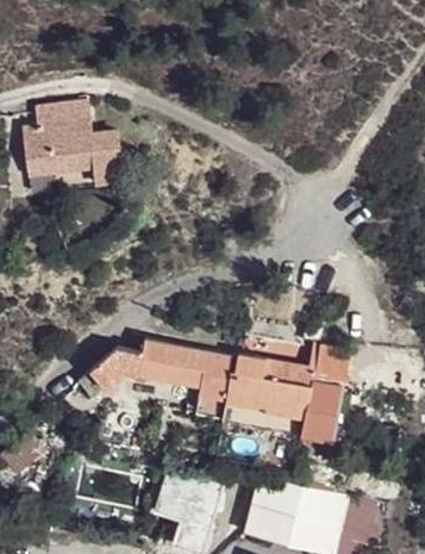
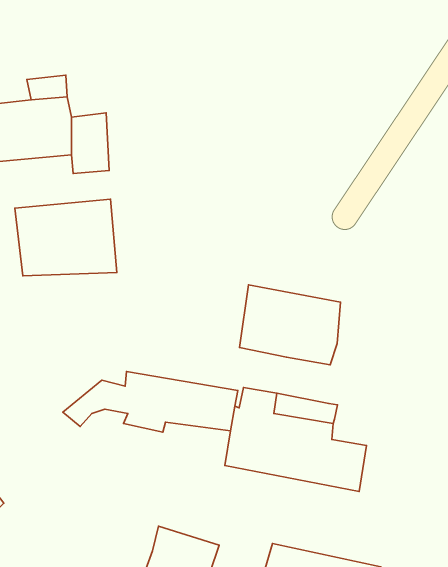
building: none -> [15,199,117,276]
building: none -> [240,285,341,365]
building: [306,344,346,385] -> none

